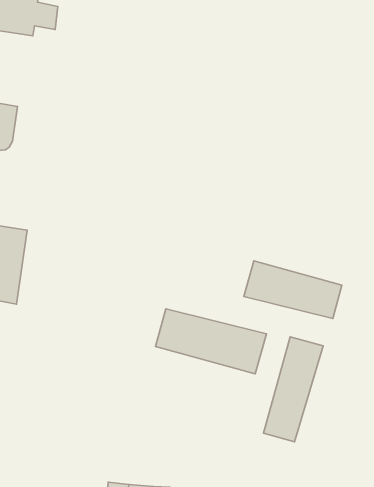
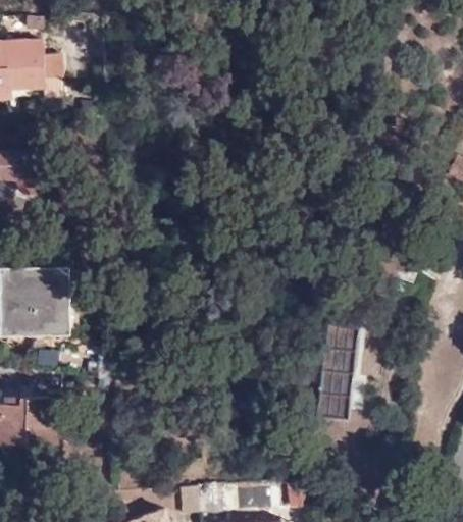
building: [244,261,342,318] -> none
building: [156,309,266,374] -> none

